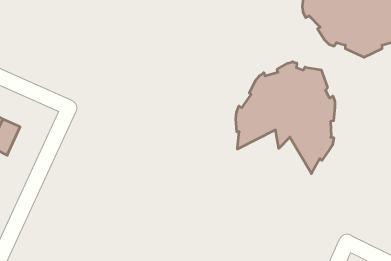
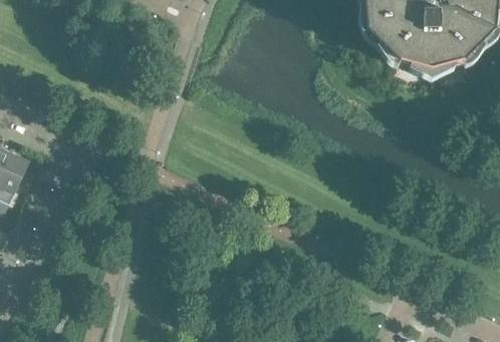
building: [236,62,335,174] -> none

